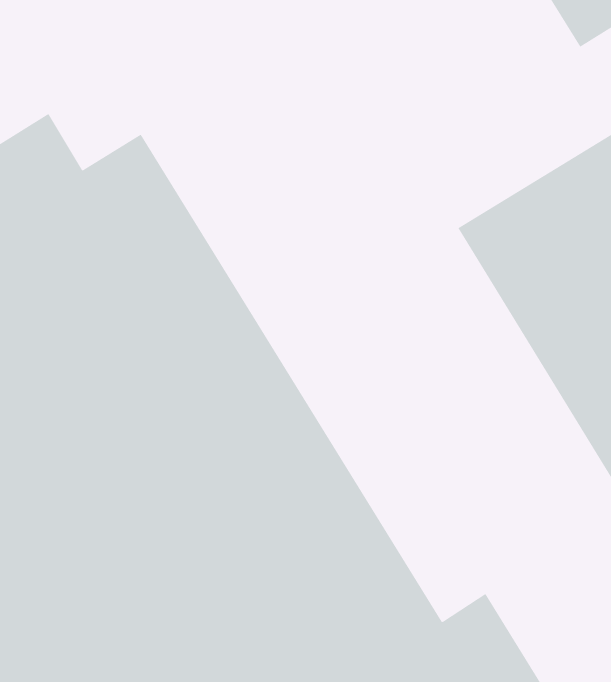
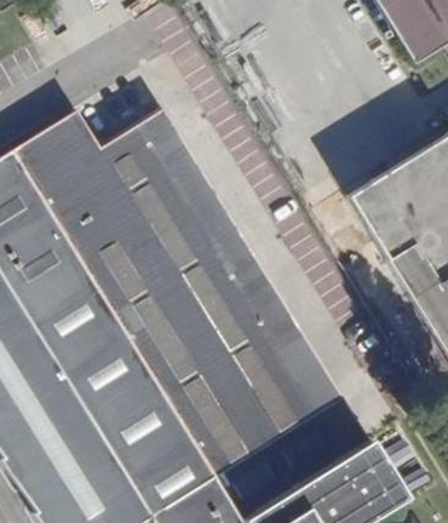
building: none -> [136,108,357,438]

